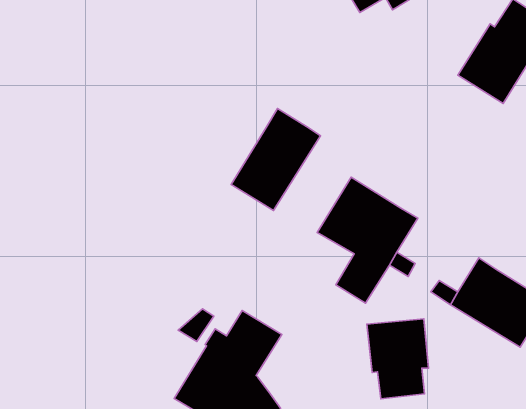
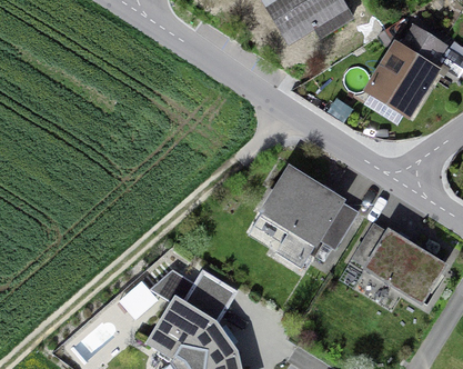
building: [231,108,320,211] -> none
building: [367,319,429,399] -> none

